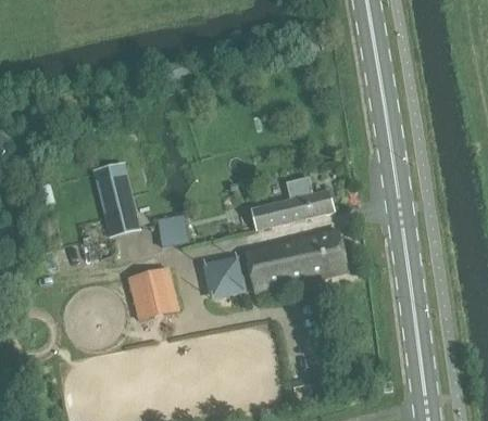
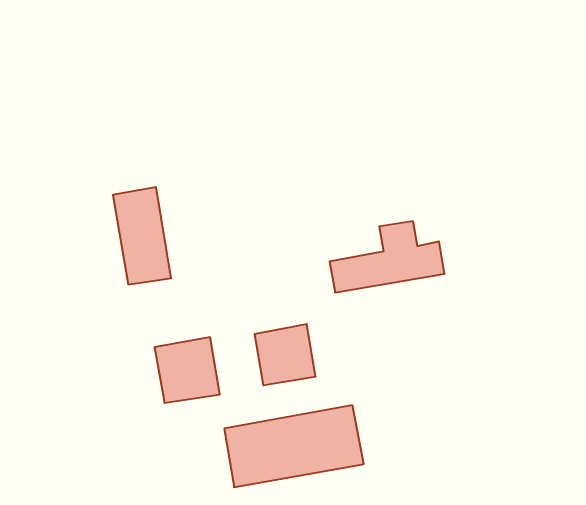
building: [157,215,188,247] -> none
building: [246,228,347,292] -> [224,405,364,487]

